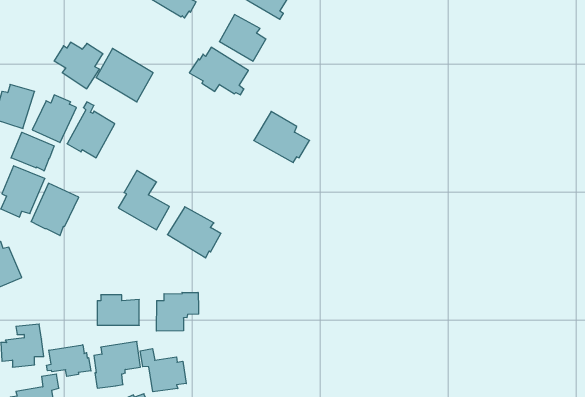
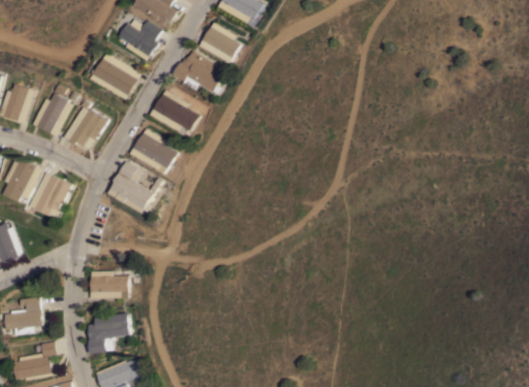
building: [54,42,103,89] -> [117,20,160,61]
building: [254,111,310,163] -> [149,90,198,135]
building: [11,132,54,171] -> none
building: [167,207,221,258] -> [129,129,177,174]
building: [157,292,199,331] -> none
building: [47,345,91,376] -> none
building: [140,349,186,392] -> none

